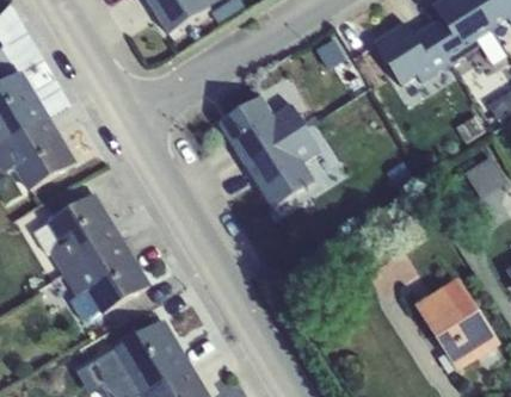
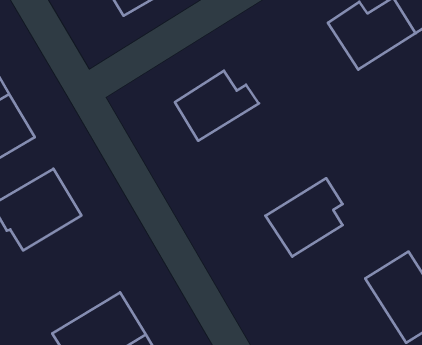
building: [242,126,321,206] -> [265,178,343,257]
building: [63,241,149,322] -> none

